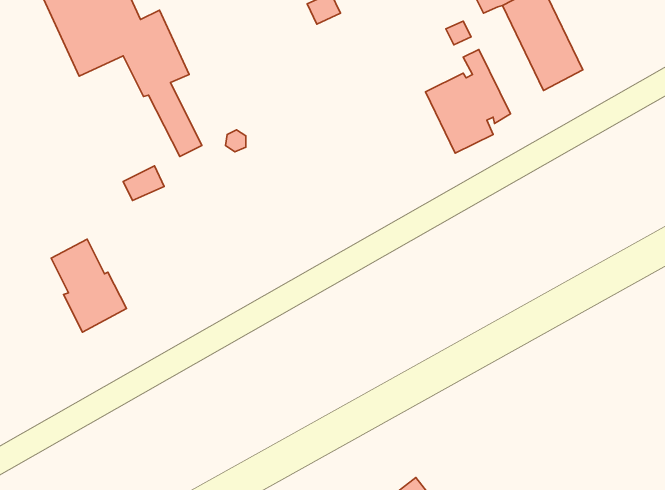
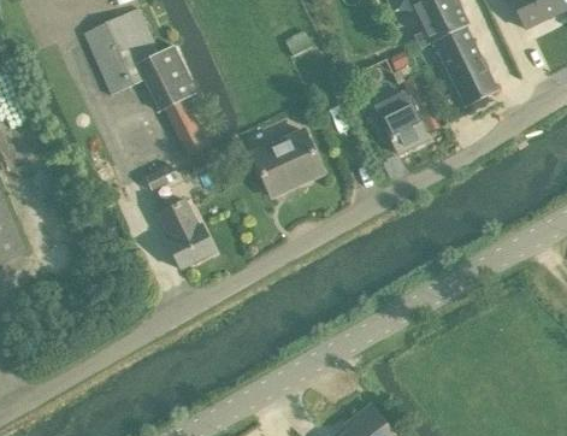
building: none -> [253,128,323,194]
building: [51,239,127,332] -> [158,196,215,267]

